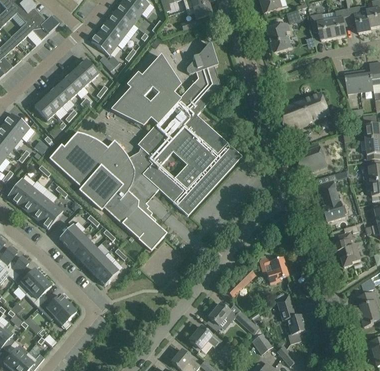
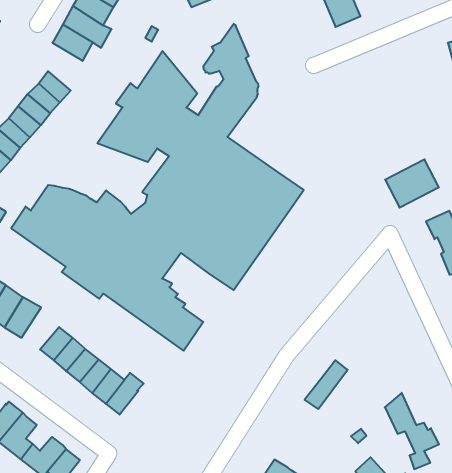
building: [276,93,329,132] -> none
building: [259,256,287,283] -> none
building: [207,302,258,334] -> none

